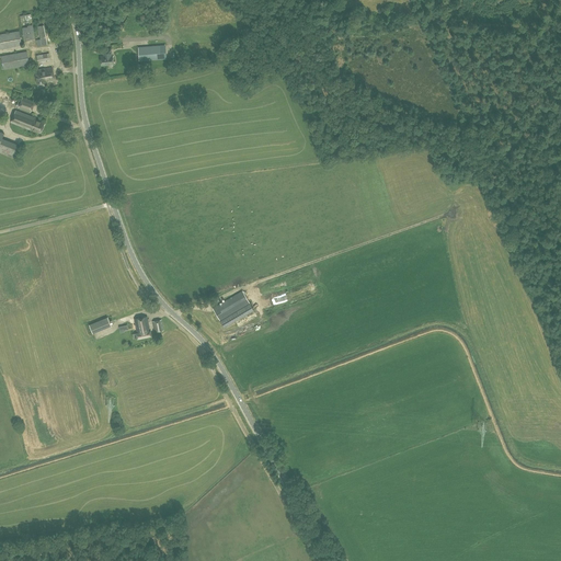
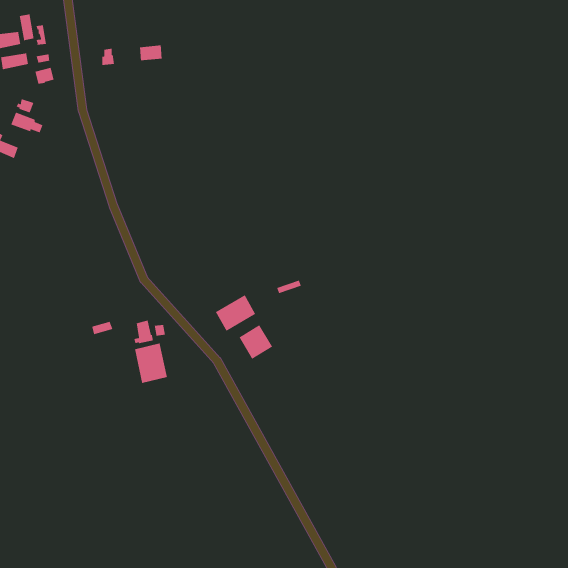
building: none -> [238,324,273,360]
building: none -> [134,342,168,384]

